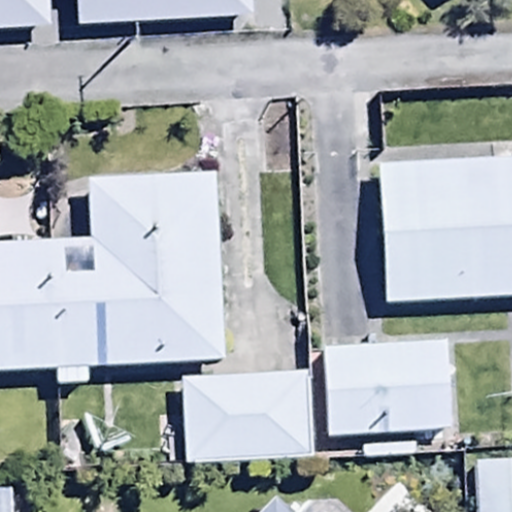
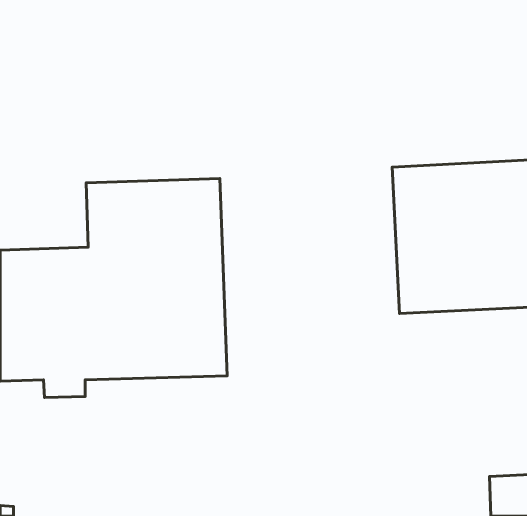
building: [322,341,450,436] -> none
building: [183,371,312,460] -> none

